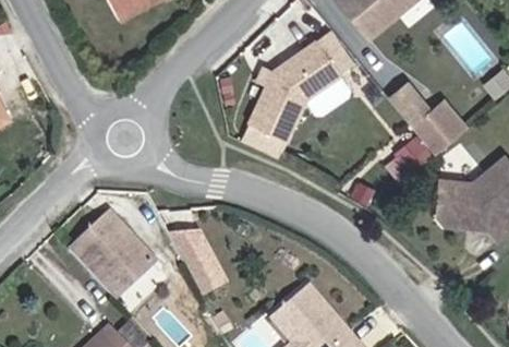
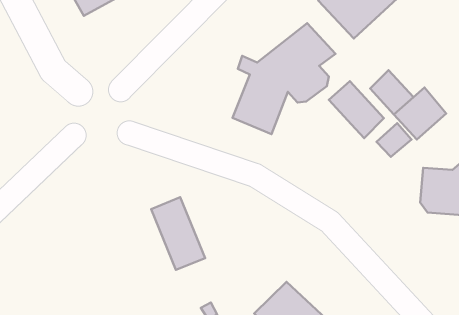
building: none -> [329,81,384,138]
building: [68,198,152,283] -> none

